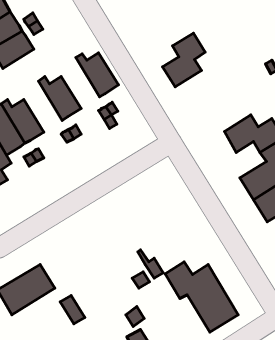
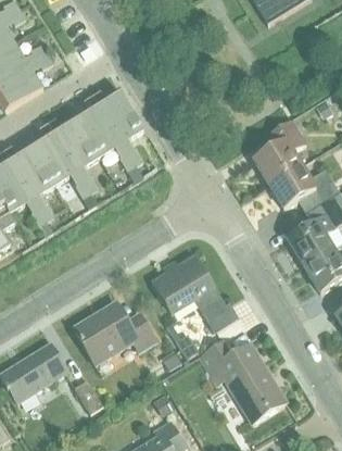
building: [162,33,205,87] -> [254,120,305,184]
building: none -> [75,96,121,156]
building: none -> [30,124,76,185]
building: none -> [151,255,237,330]
building: none -> [73,303,155,364]

